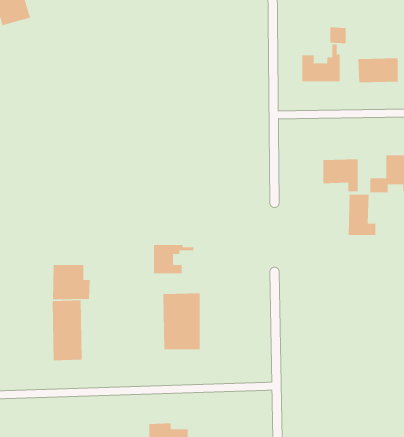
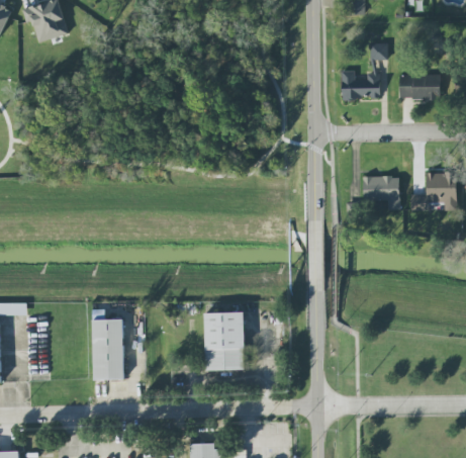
building: [348,194,376,236] -> none
building: [153,244,194,274] -> none
building: [53,264,90,300] -> none

